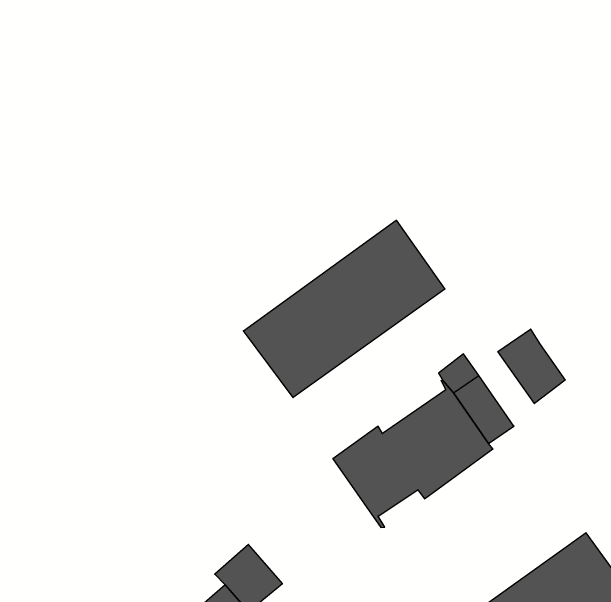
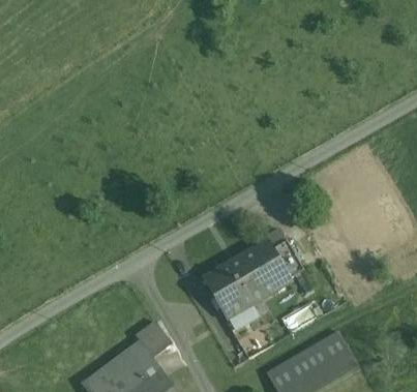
building: [243,220,445,398] -> none
building: [498,329,565,404] -> none

